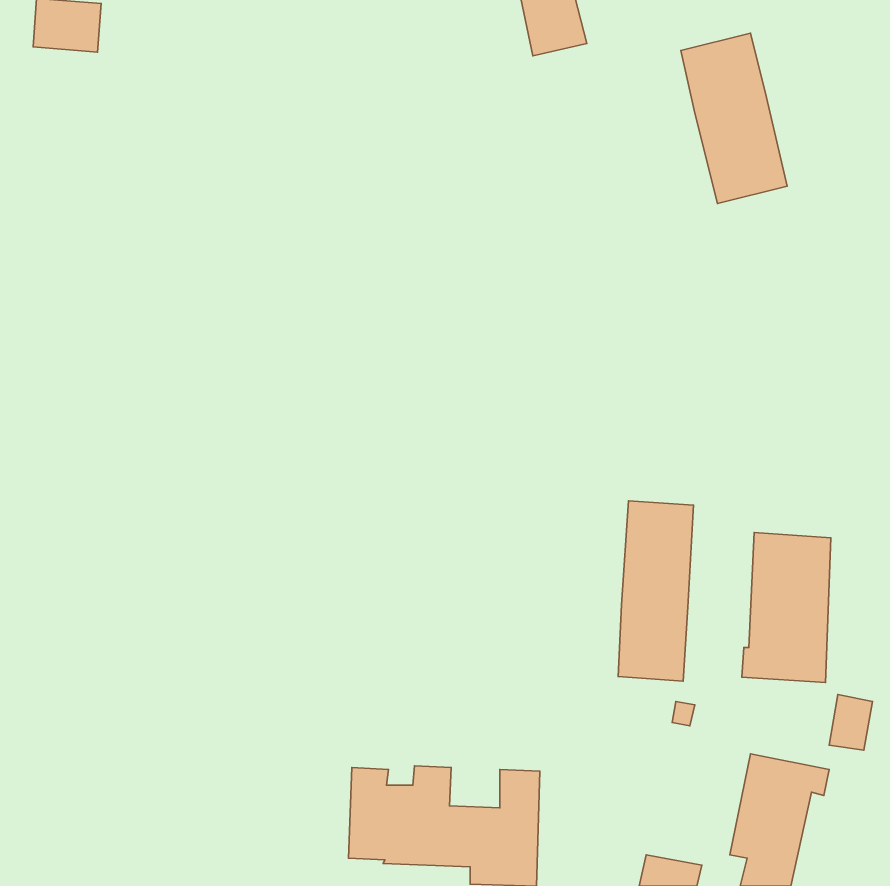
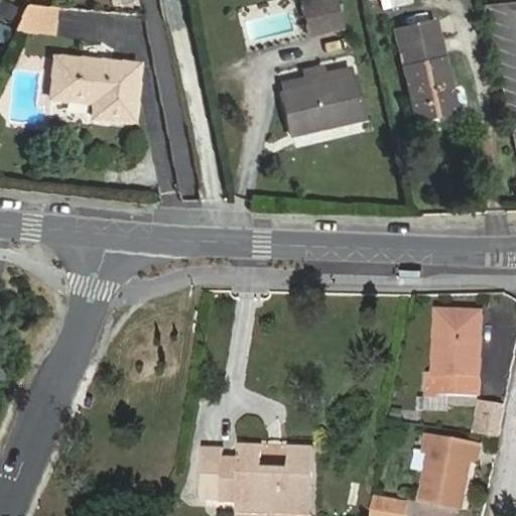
building: none -> [49,55,137,118]
building: none -> [279,66,361,132]
building: [618,501,694,681] -> none

